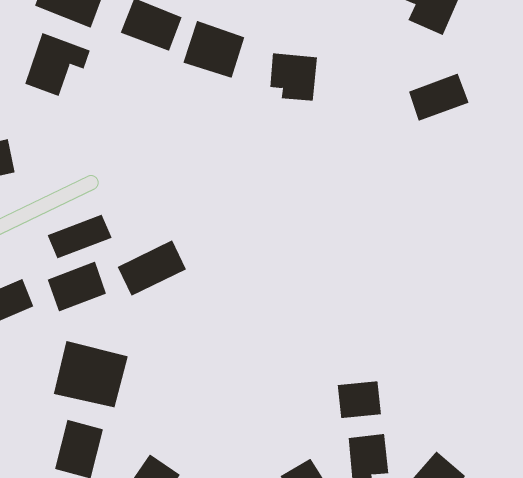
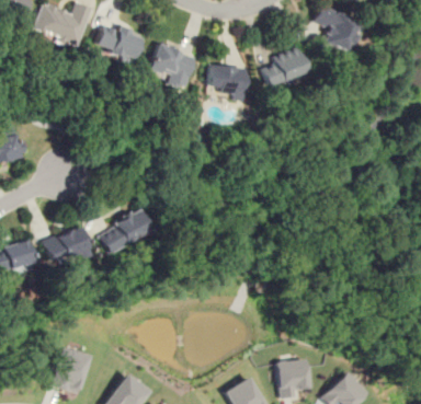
building: [25,32,91,97] -> none
building: [408,73,470,121] -> [270,50,317,88]
building: [47,214,112,259] -> none
building: [53,340,128,408] -> none
building: [337,381,382,419] -> none

